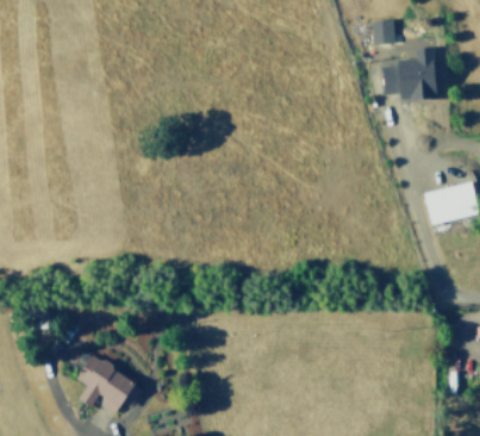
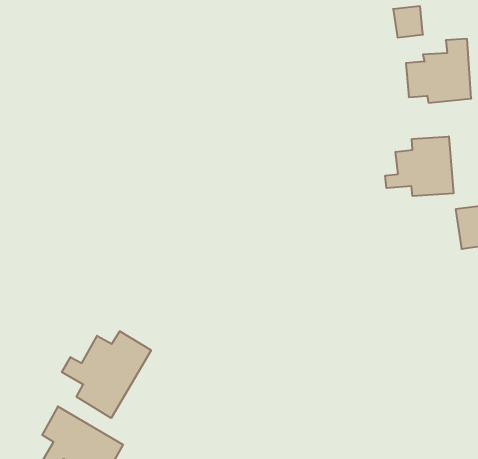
building: none -> [385,136,453,196]
building: none -> [62,331,151,418]

